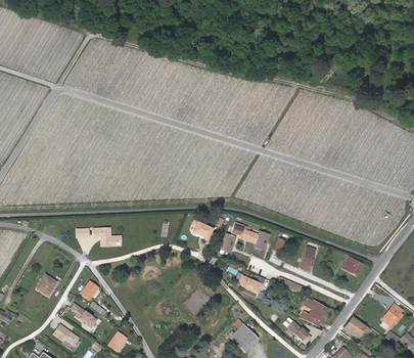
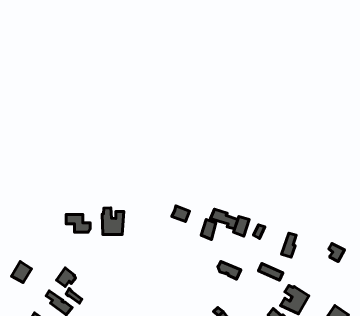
building: none -> [102,208,124,234]

